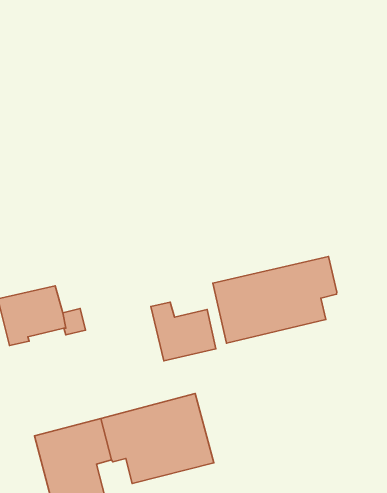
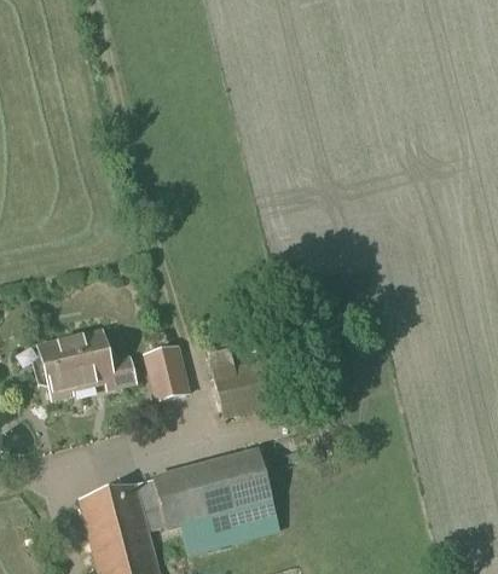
building: [213,257,337,343] -> none
building: none -> [147,346,187,400]

